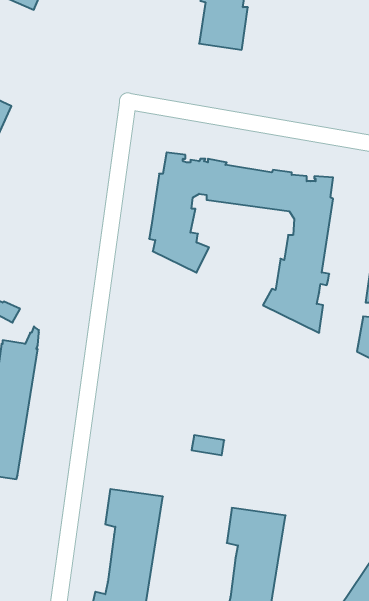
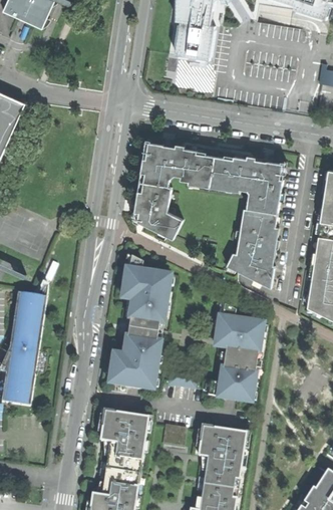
building: none -> [109,256,170,393]
building: none -> [207,302,261,401]
building: none -> [161,426,186,447]

